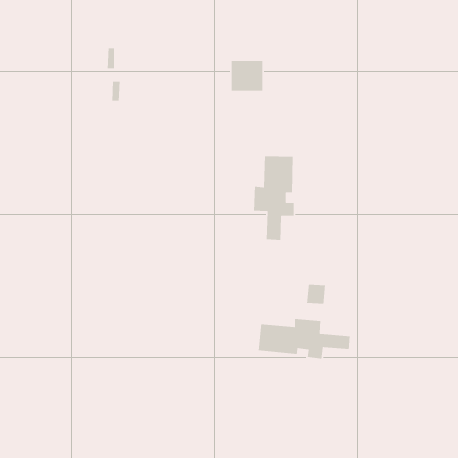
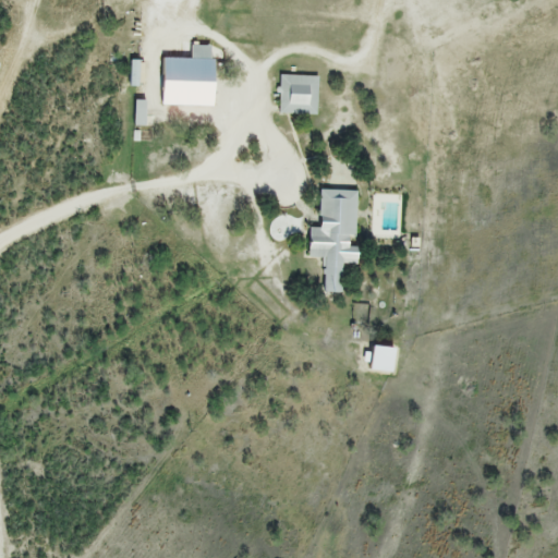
building: none -> [162,45,215,106]
building: [258,318,350,359] -> none

